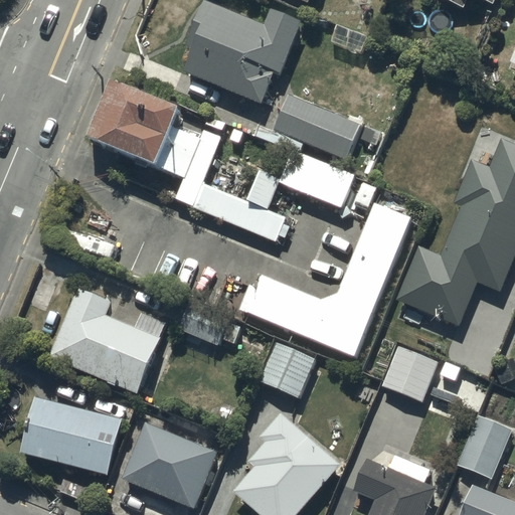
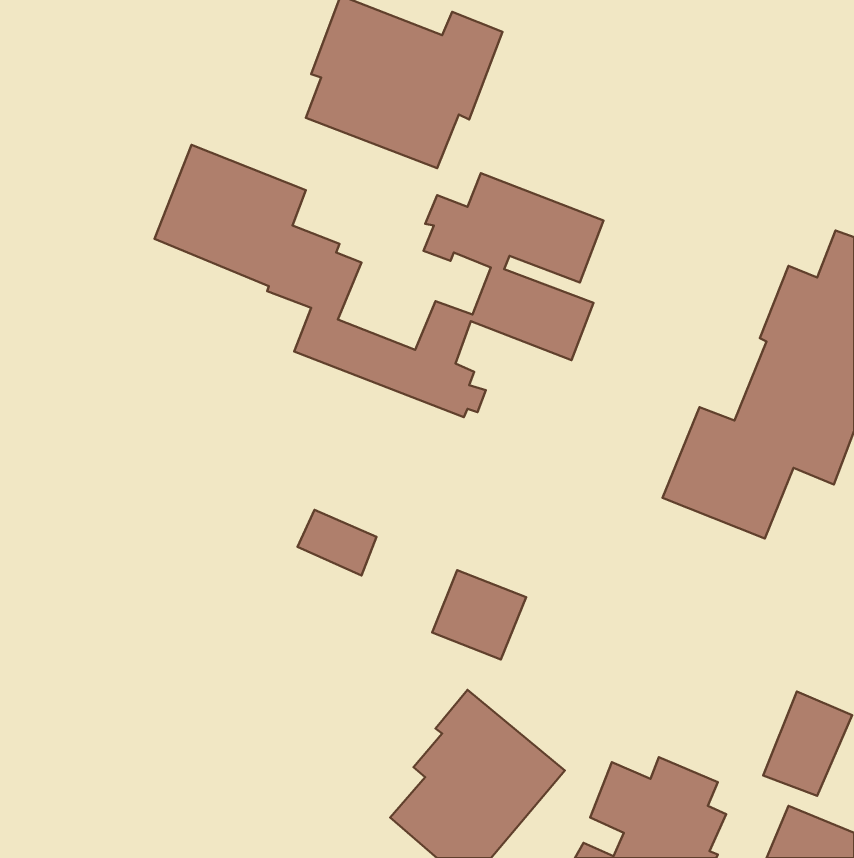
building: [245,206,412,359] -> none
building: [48,287,166,391] -> none
building: [381,346,435,399] -> none
building: [19,394,122,472] -> none
building: [122,420,216,506] -> none

